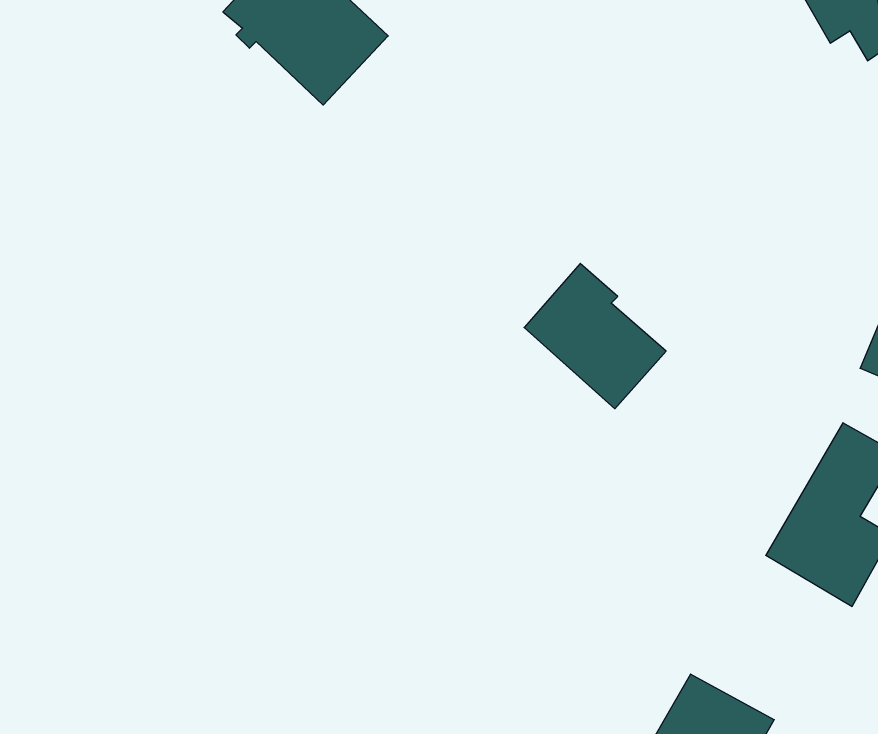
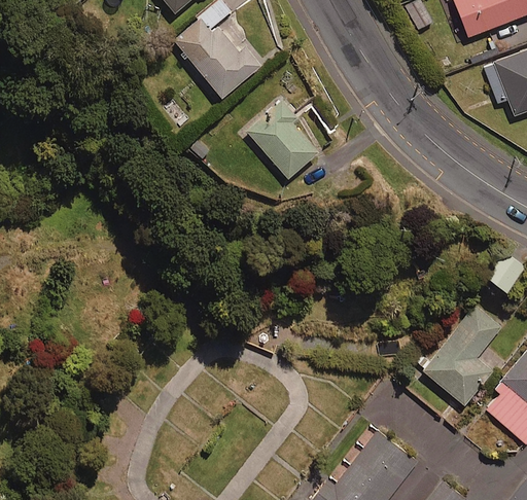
building: [524,263,666,409] -> [245,99,319,179]

